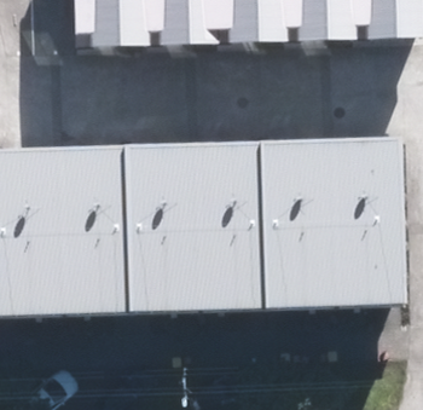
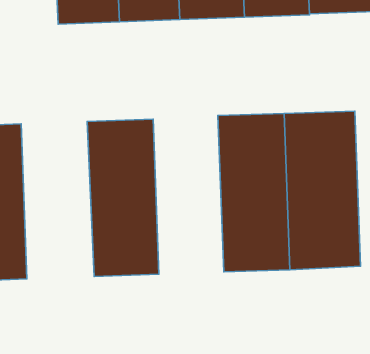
building: [189,143,262,308] -> none
building: [51,149,127,313] -> none

